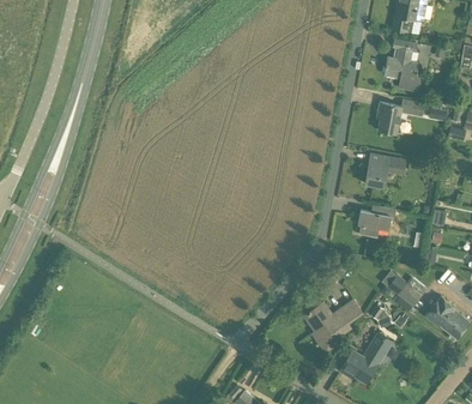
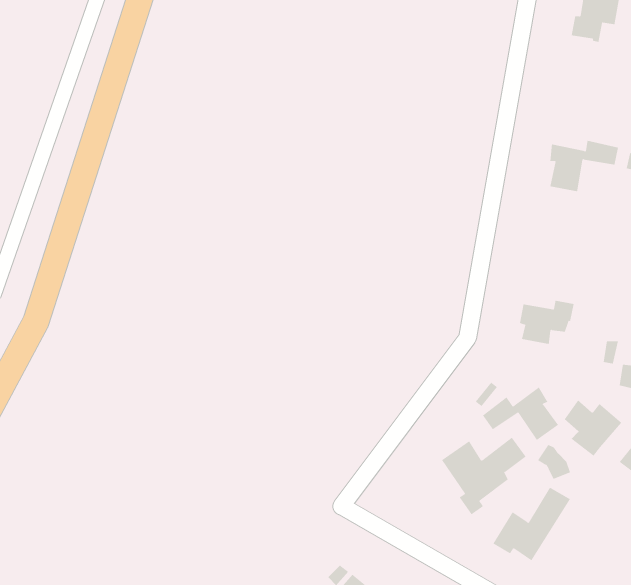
building: [385,40,420,92] -> none
building: [364,153,406,188] -> none
building: none -> [482,387,559,441]

